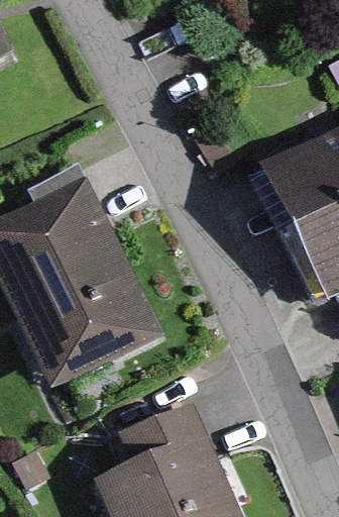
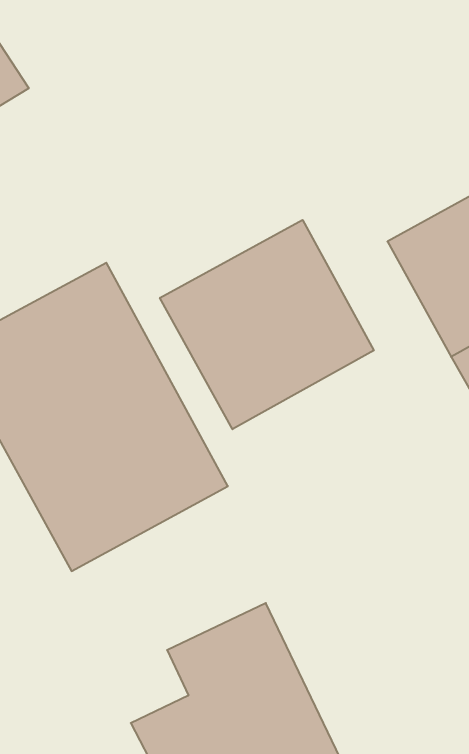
building: none -> [160,220,374,429]

